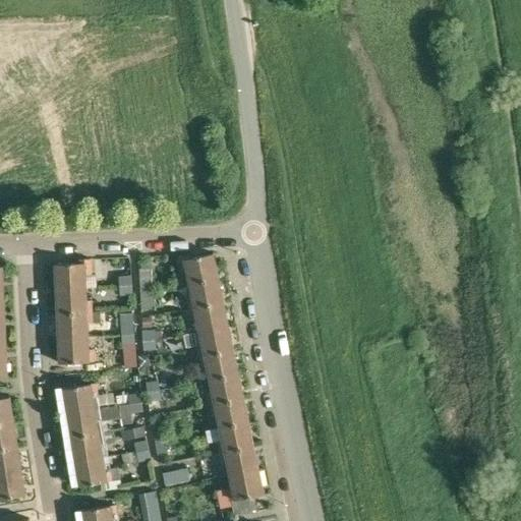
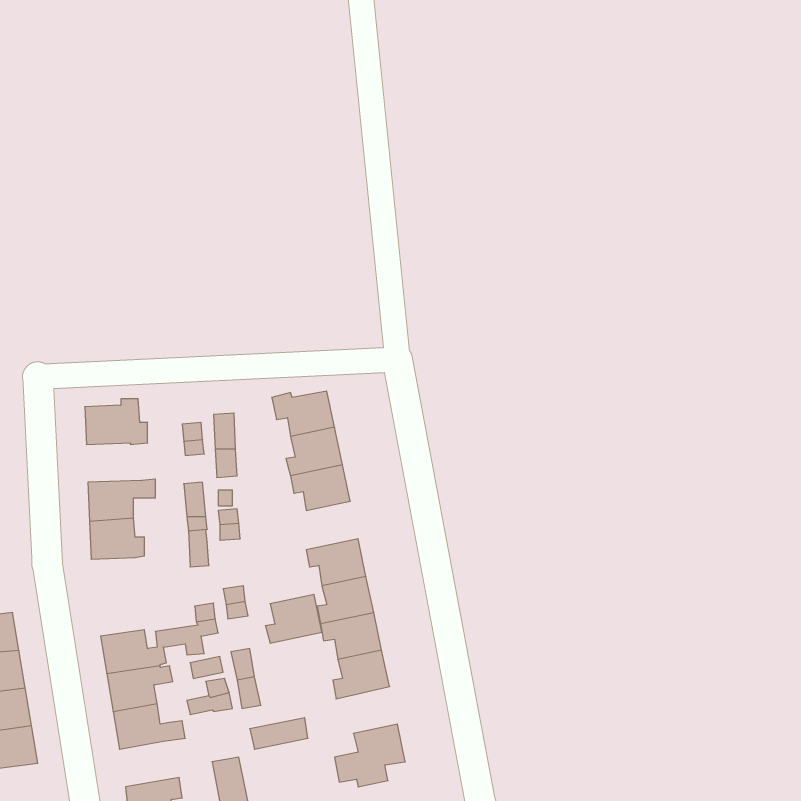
building: [56,288,92,313] -> none
building: [195,326,232,357] -> [265,594,322,643]
building: [61,384,98,413] -> none
building: [218,446,257,476] -> none

